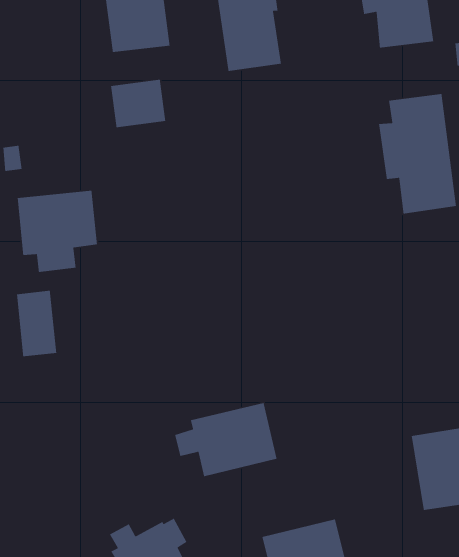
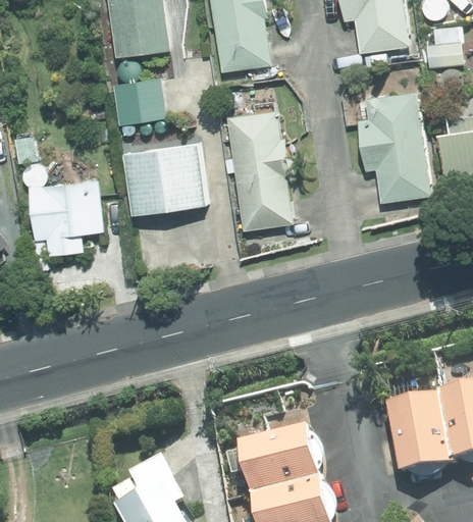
building: none -> [225,106,292,229]
building: none -> [124,143,206,212]
building: [16,290,57,357] -> none
building: [174,402,277,477] -> [225,426,319,494]

